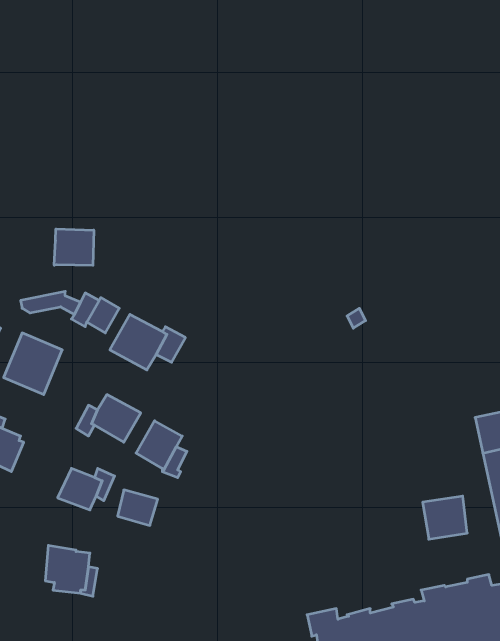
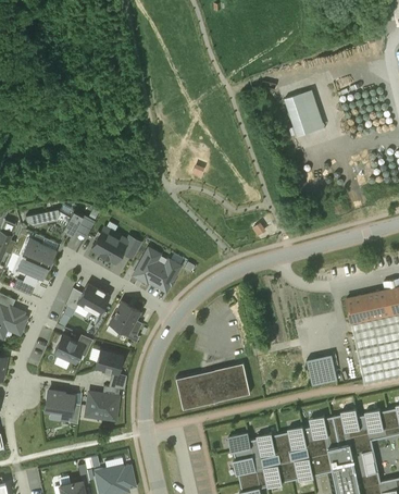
building: none -> [285,89,325,136]
building: [54,229,94,265] -> none
building: none -> [132,246,183,295]
building: none -> [175,362,251,408]
building: none -> [84,391,121,421]

